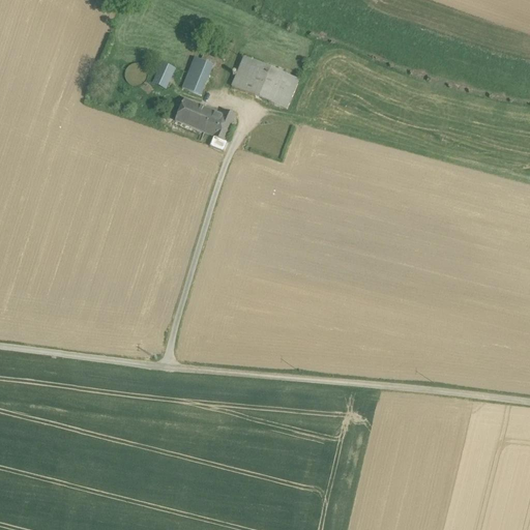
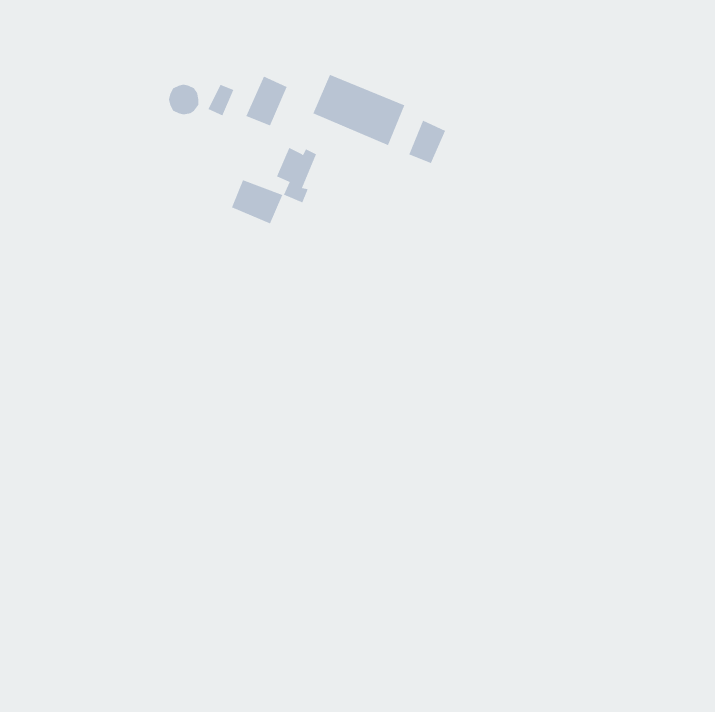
building: none -> [408,120,446,164]
building: [175,97,213,130] -> [231,179,283,224]

